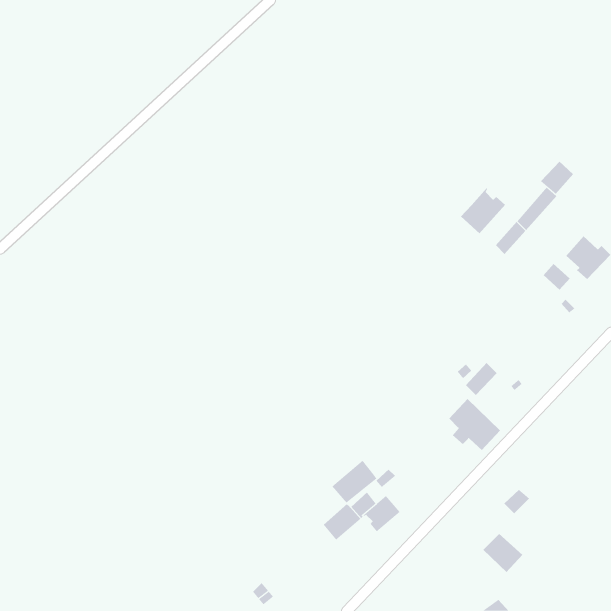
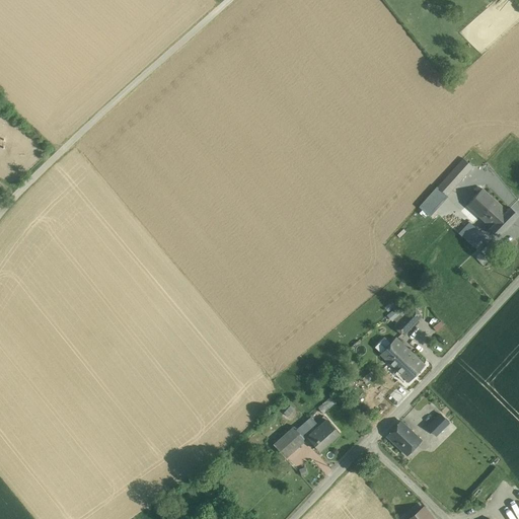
building: [540,161,574,194] -> [466,189,495,217]
building: [460,187,506,234] -> none
building: [332,460,377,503] -> none
building: [482,533,523,573] -> [386,422,421,455]

